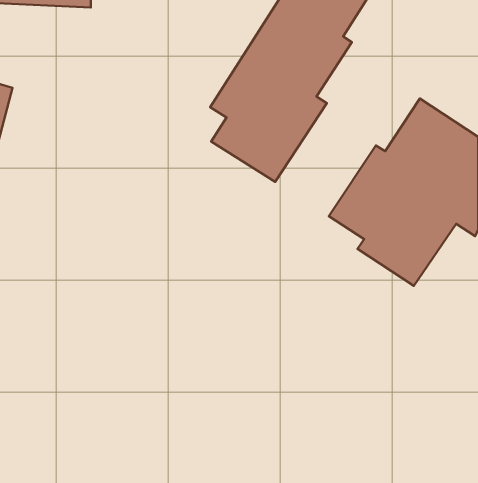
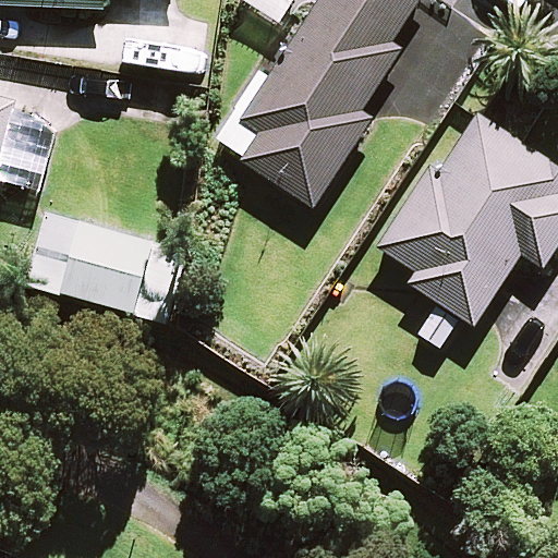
building: none -> [26,210,155,313]

